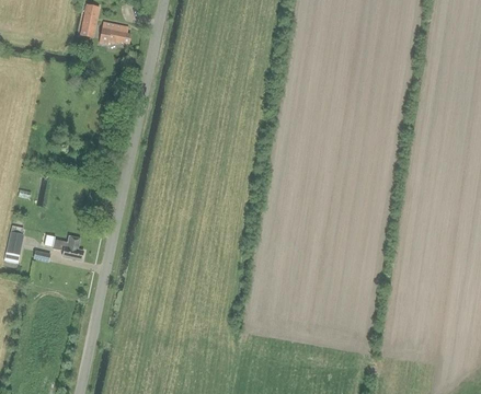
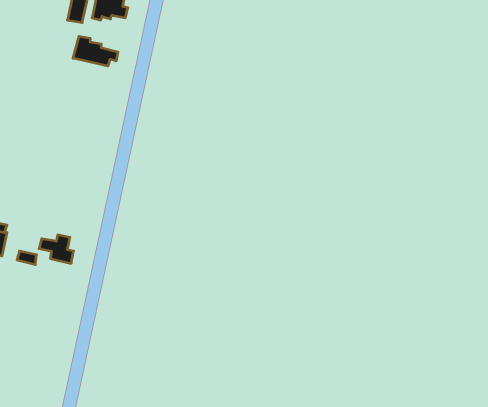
building: none -> [73,36,118,66]

